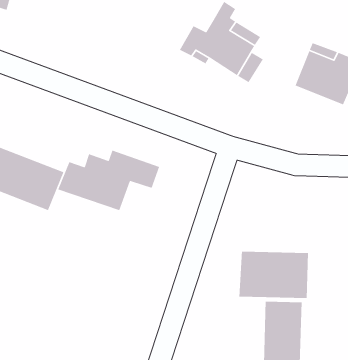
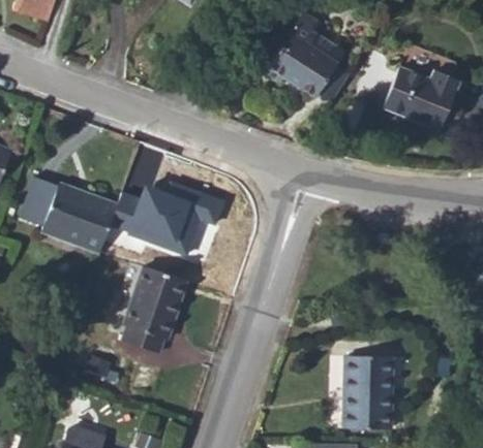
building: none -> [121,266,188,355]
building: [239,251,309,299] -> none

